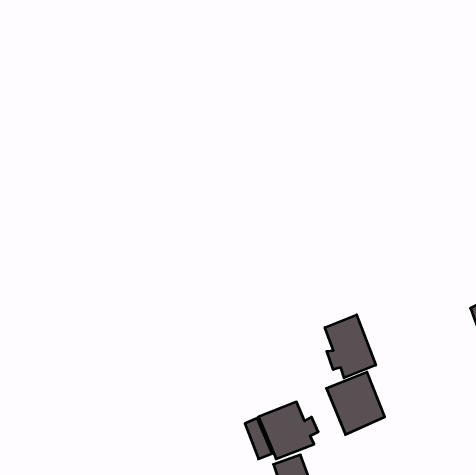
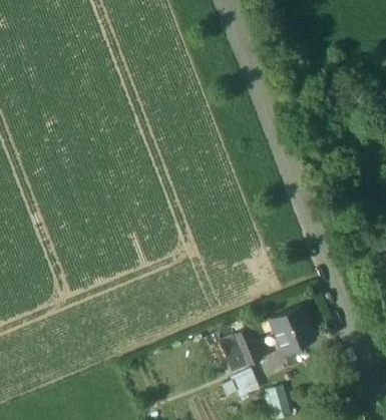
building: [325,315,376,378] -> none

